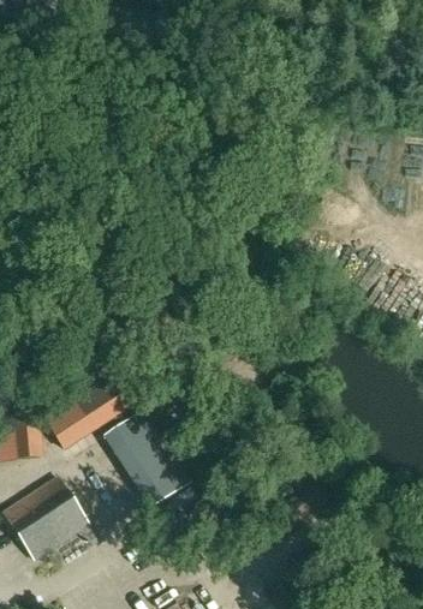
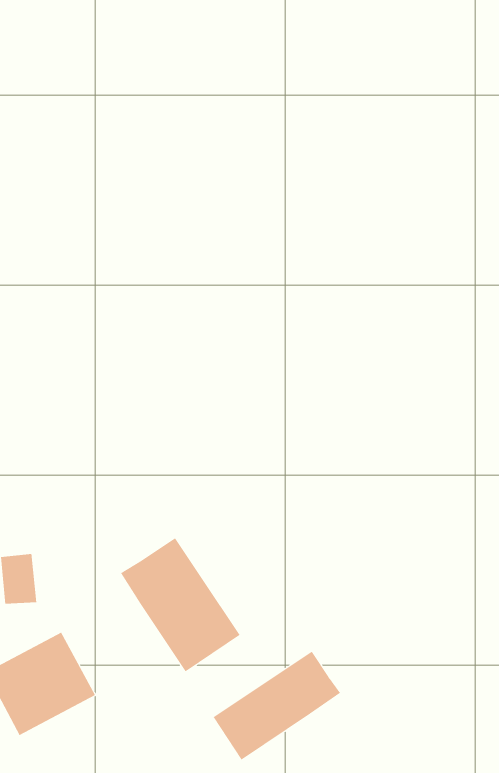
building: [46,371,144,449] -> none
building: none -> [213,651,341,760]

